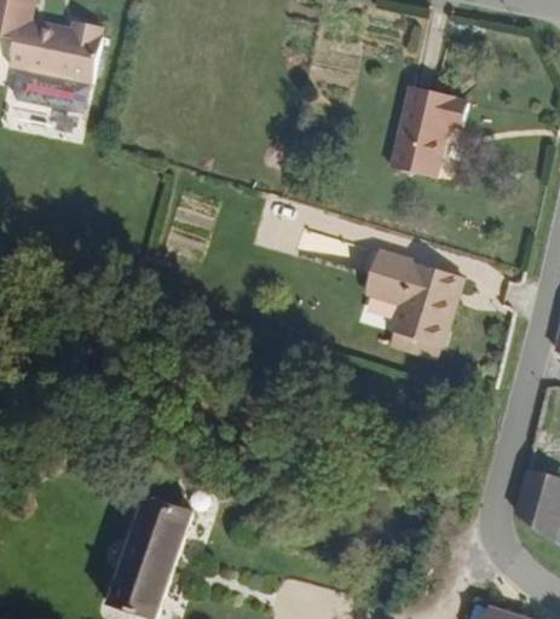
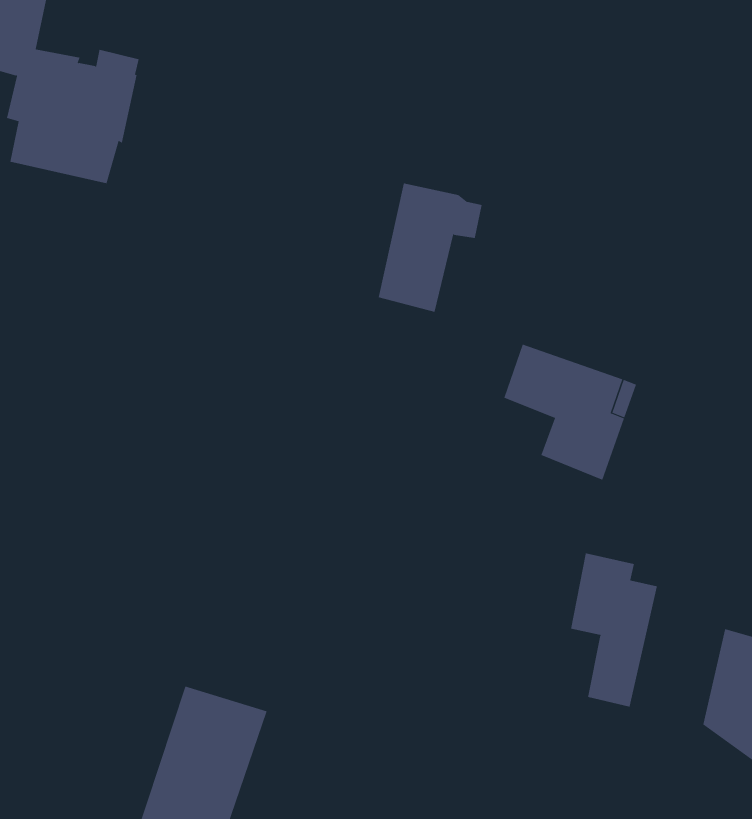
building: [394,85,469,178] -> [378,183,482,313]
building: none -> [570,552,657,708]

